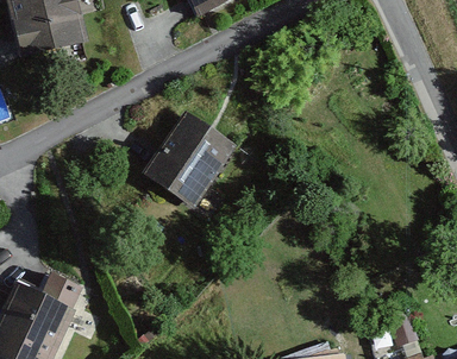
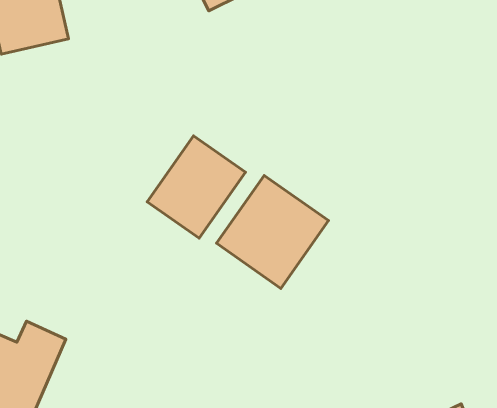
building: none -> [216,175,328,288]

